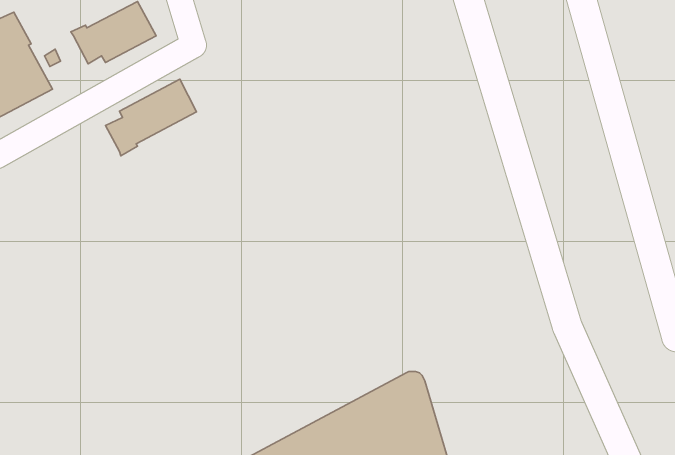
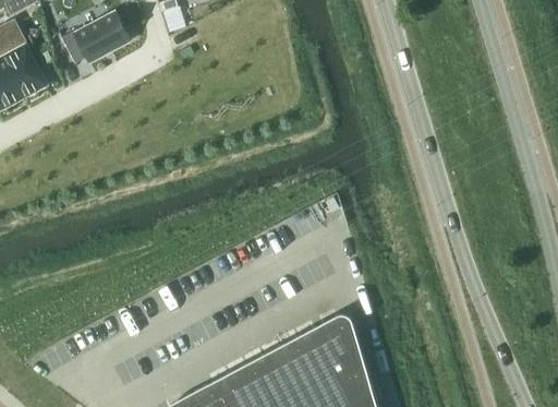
building: [106,79,197,156] -> none

